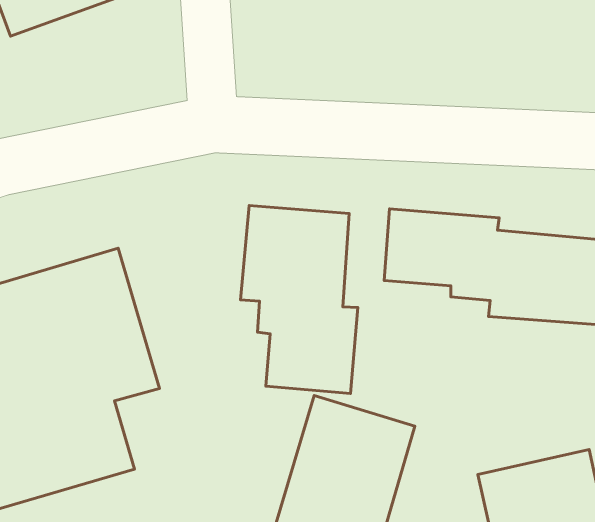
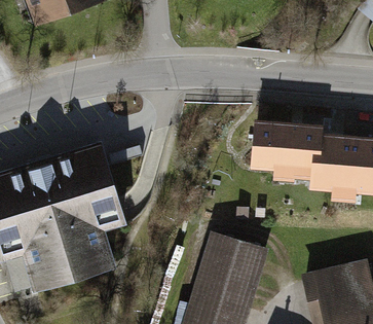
building: [240,206,358,393] -> none

